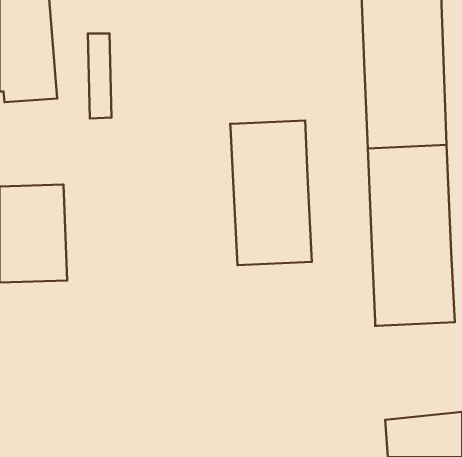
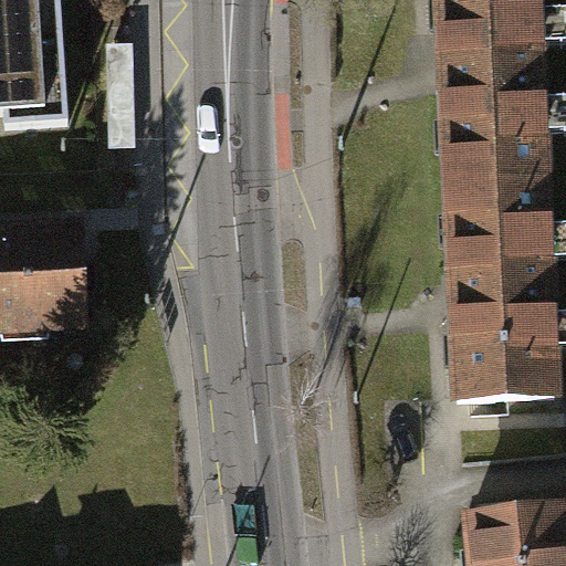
building: [230,120,312,265] -> none

